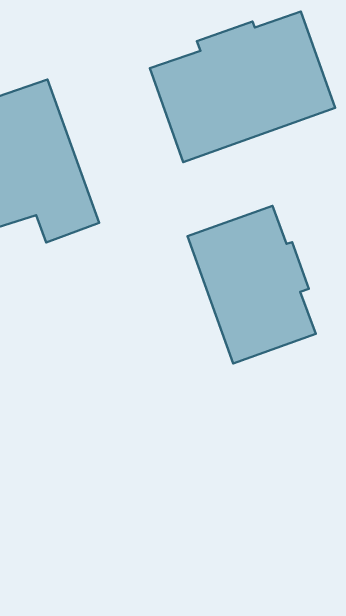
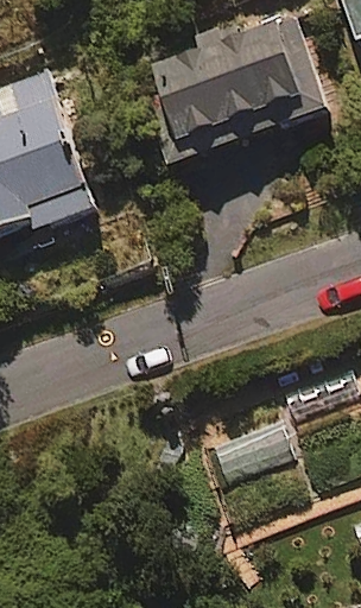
building: [188,206,316,364] -> none

